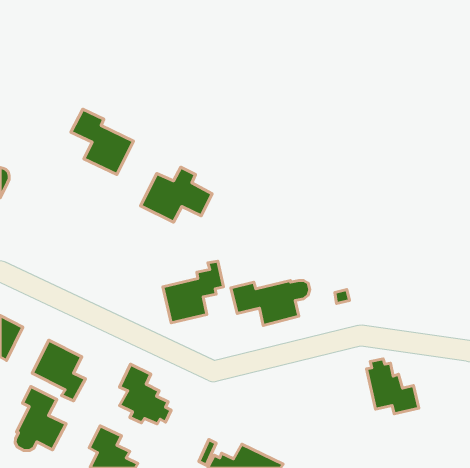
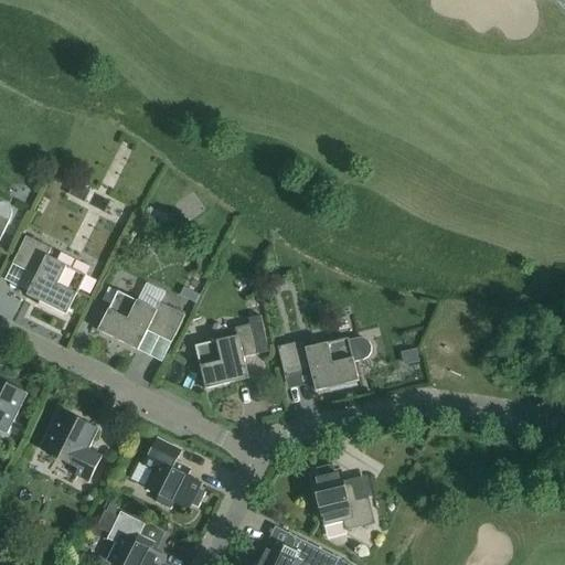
building: [71,109,133,174] -> [11,235,86,313]
building: [140,167,212,222] -> [98,282,184,349]
building: [366,359,419,414] -> [312,463,375,530]
building: [15,387,66,451] -> none

